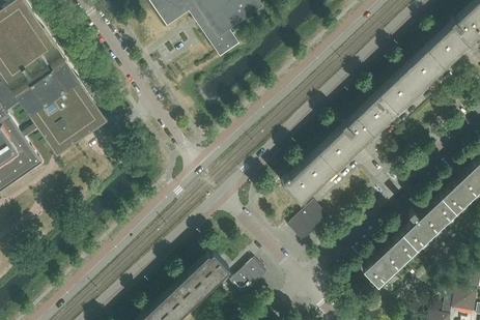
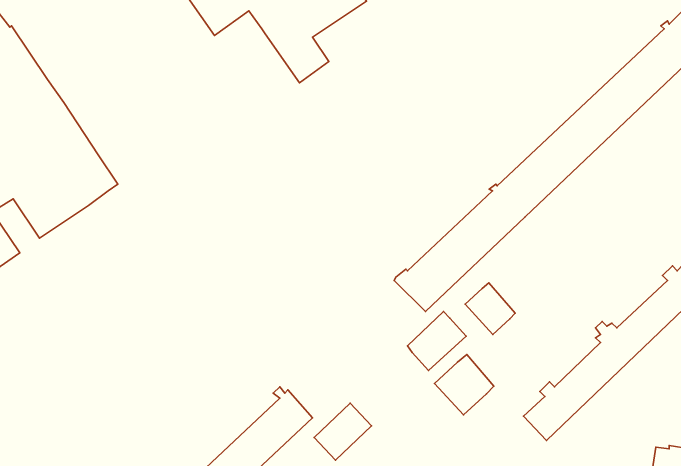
building: none -> [465,283,515,334]
building: none -> [435,355,494,415]

